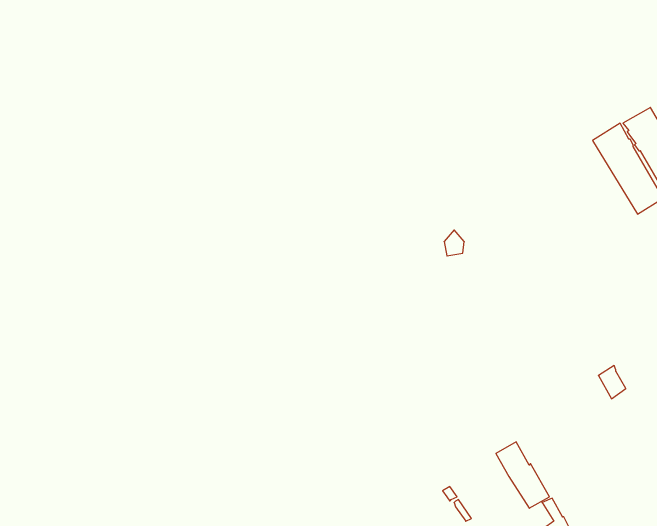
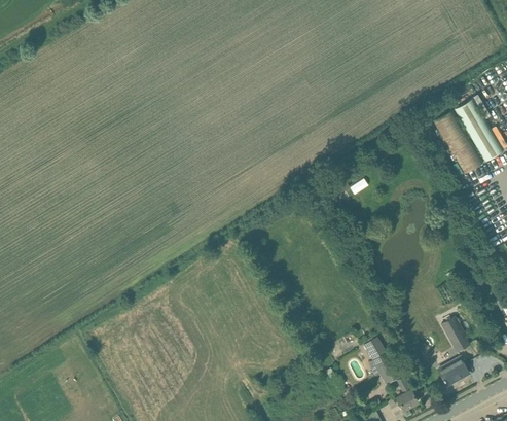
building: none -> [441,317,470,351]
building: none -> [438,357,469,386]

